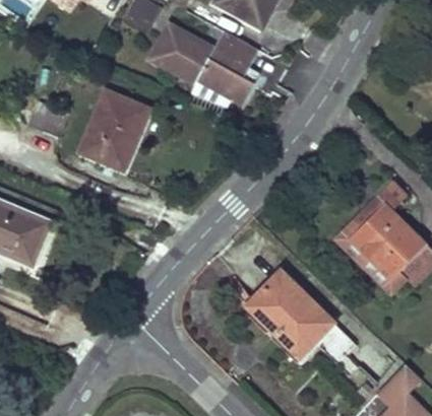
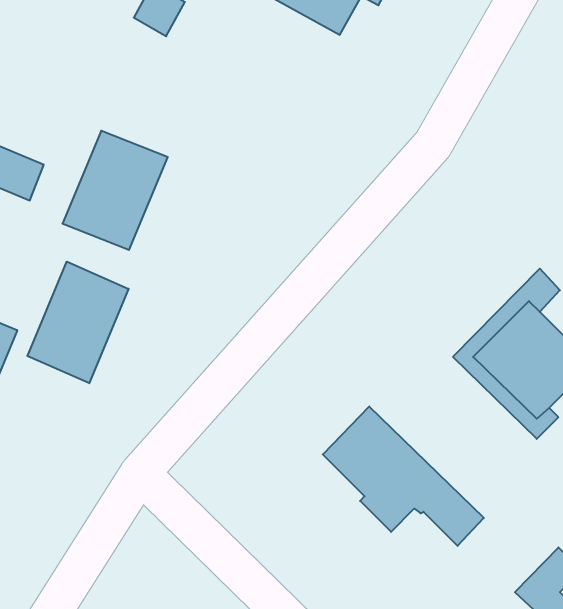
building: [149,23,258,107] -> none
building: none -> [27,262,129,383]

